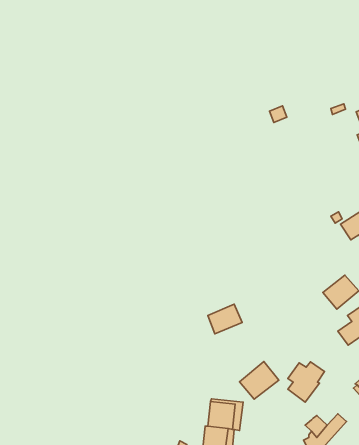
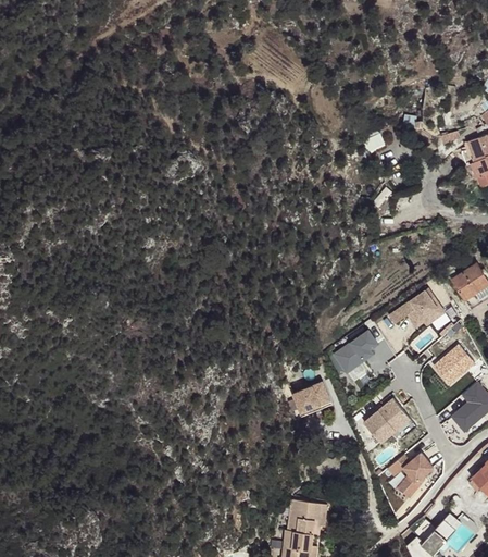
building: none -> [386,286,446,331]
building: none -> [329,327,377,375]
building: [239,362,279,399] -> [360,397,409,444]

